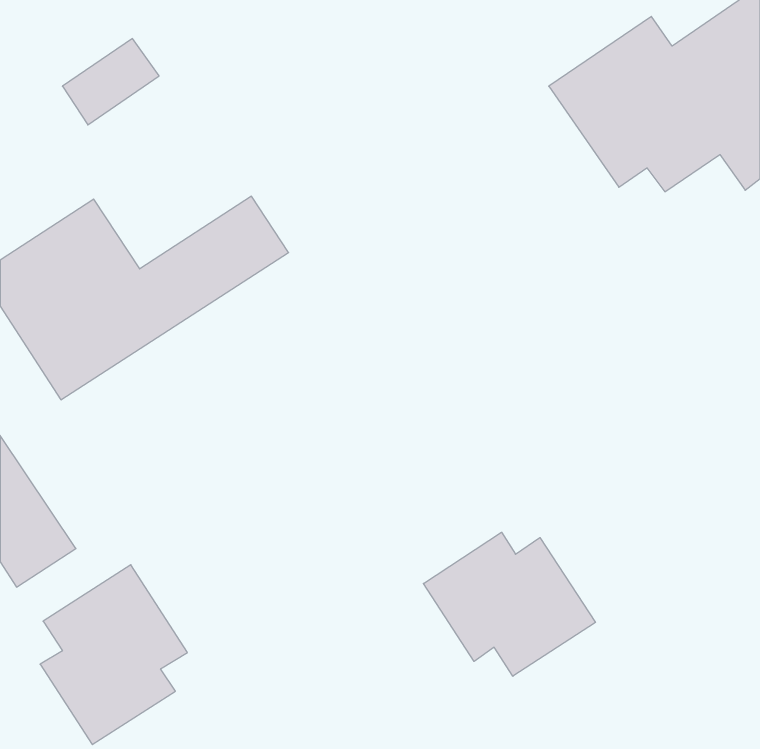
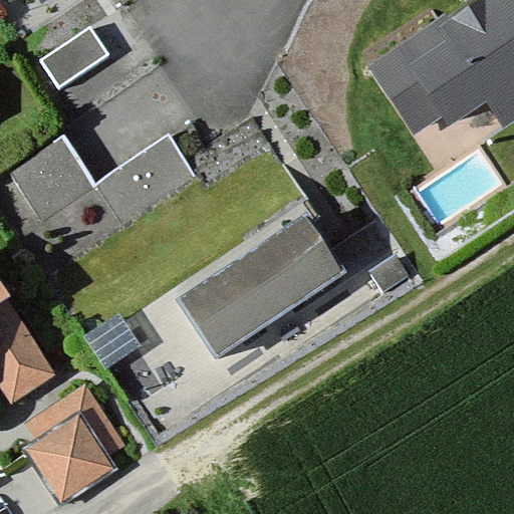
building: none -> [179,222,339,357]
building: [423,532,595,676] -> none

